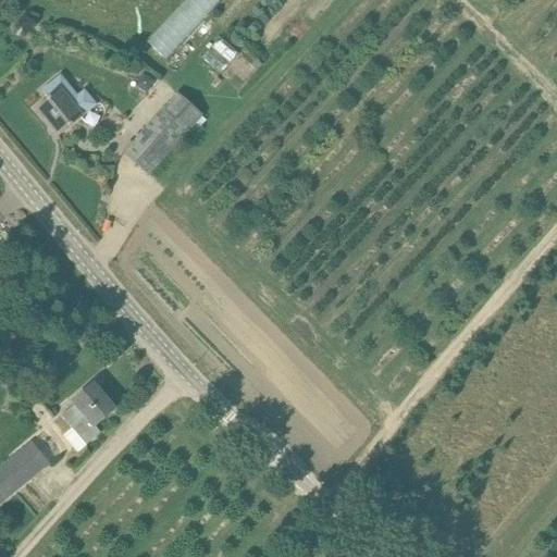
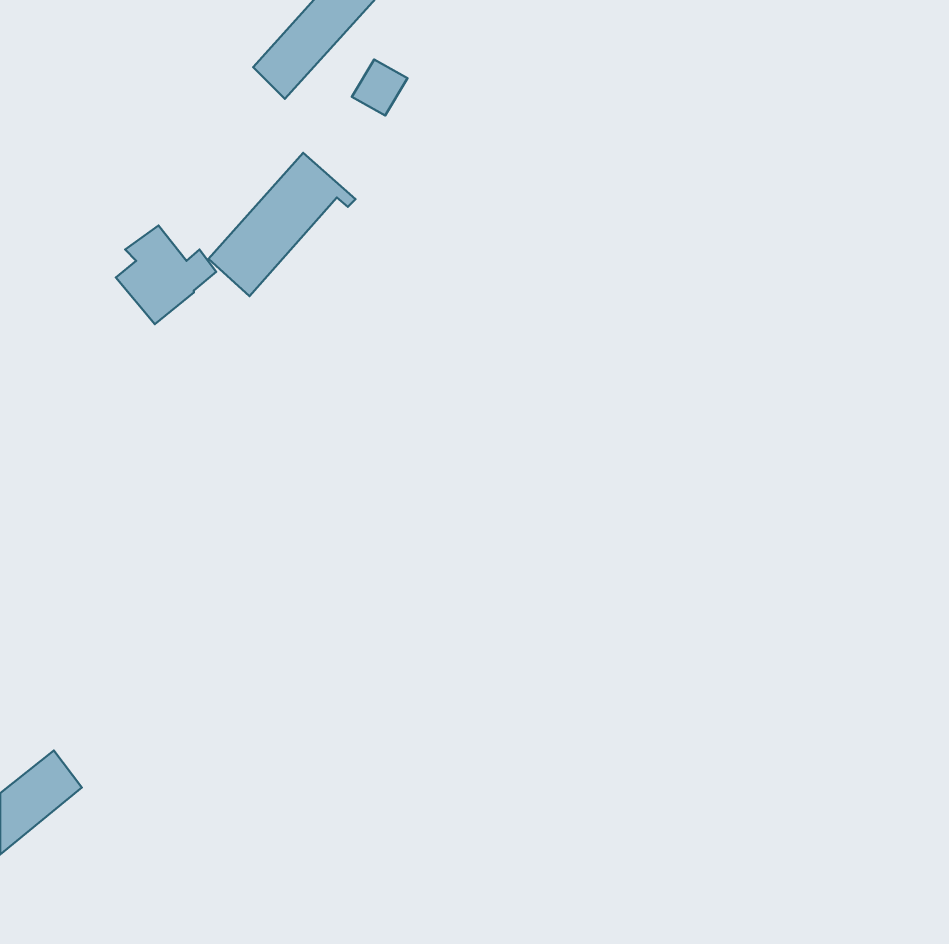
building: [37,74,96,132] -> [116,225,216,324]
building: [62,381,115,442] -> none

